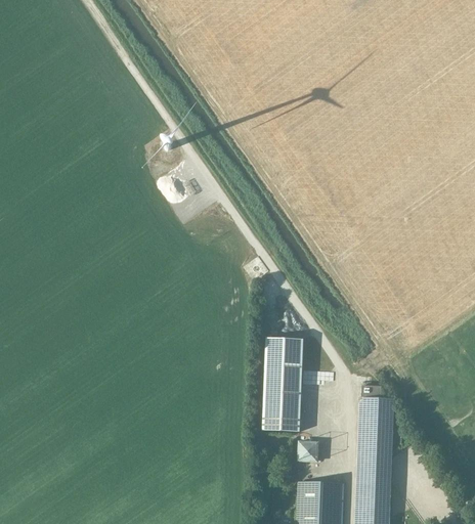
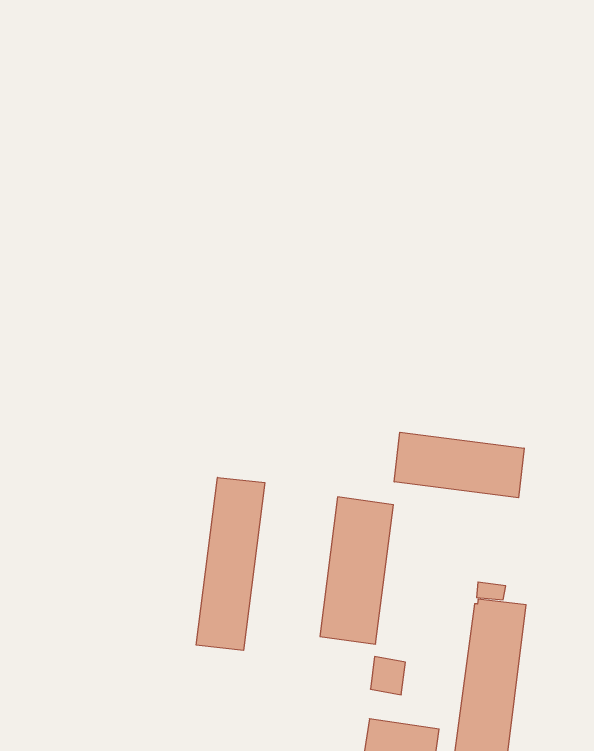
building: none -> [394,432,524,498]
building: none -> [196,477,265,650]

